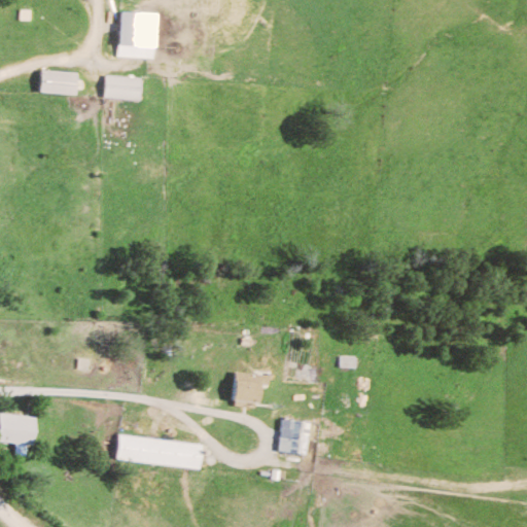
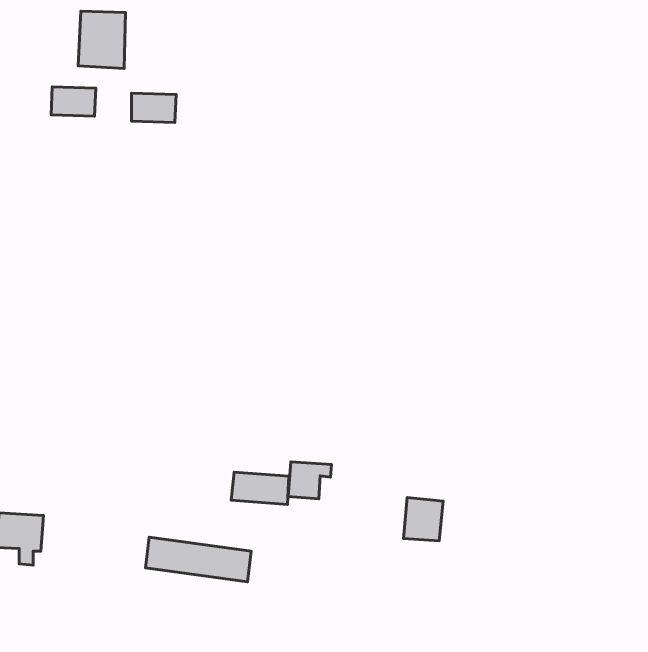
building: [118,11,156,58] -> [78,11,126,69]
building: none -> [231,472,289,504]
building: [278,419,310,454] -> [404,498,443,541]

